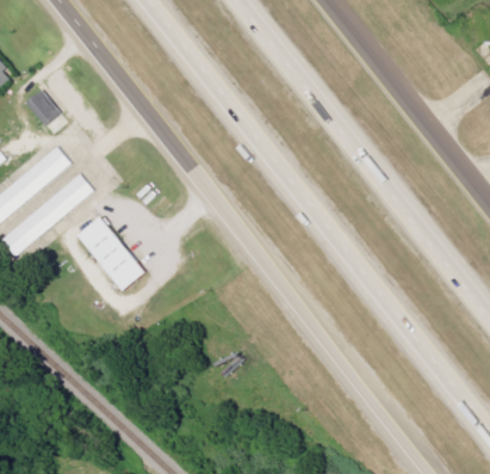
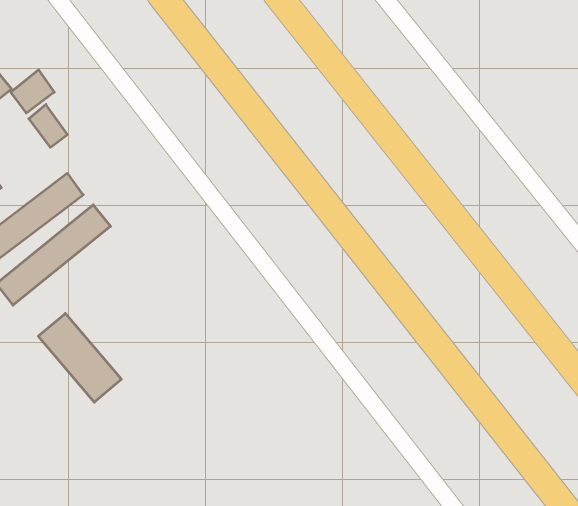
building: none -> [11,70,54,113]
building: [76,216,145,290] -> [38,313,121,402]

